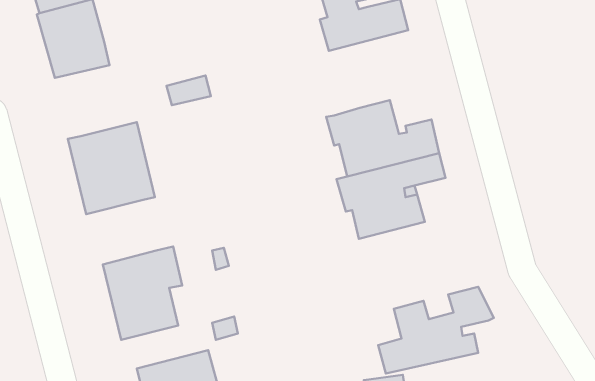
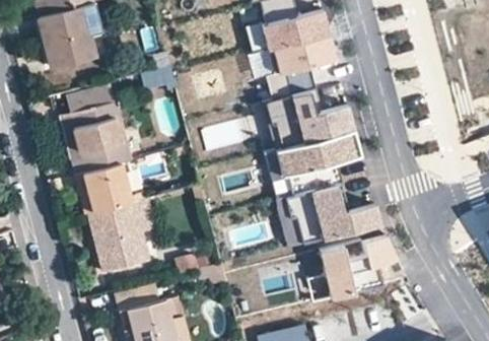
building: none -> [264,33,334,100]
building: none -> [67,84,116,117]
building: none -> [76,166,131,218]
building: none -> [282,184,378,245]

